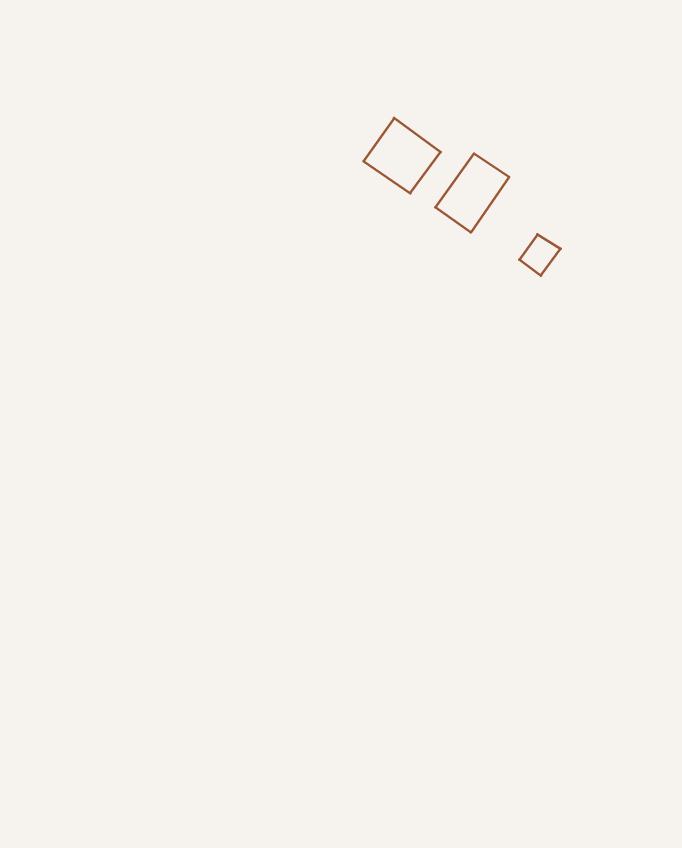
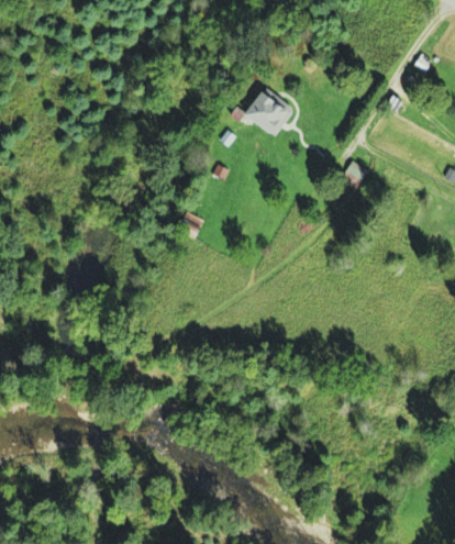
building: [435,154,509,232] -> none

